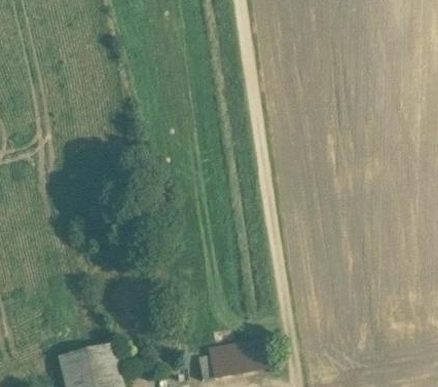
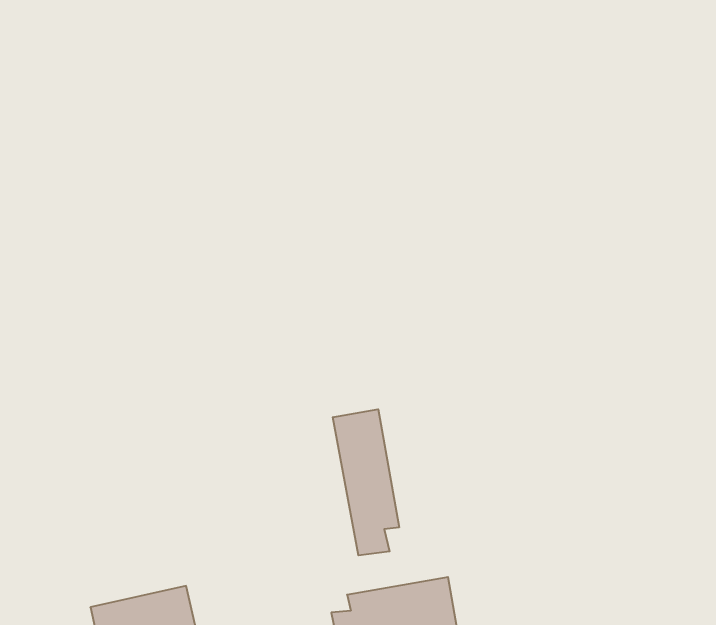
building: none -> [333,409,399,555]

